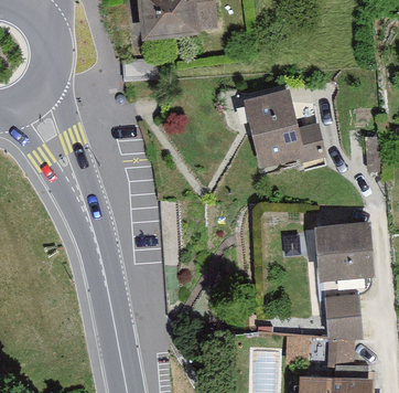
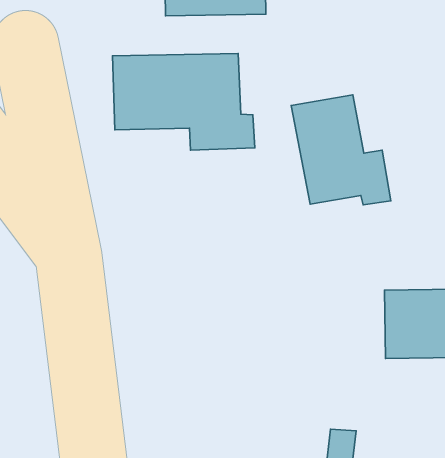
building: none -> [112,54,255,150]
building: [323,294,362,337] -> none

